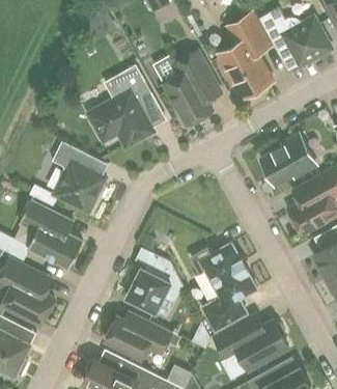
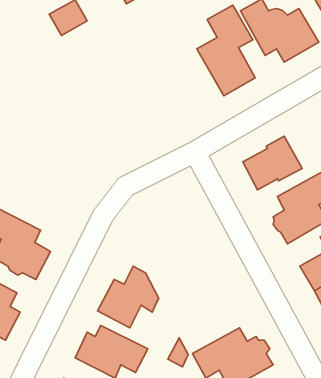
building: [164,51,221,124] -> none
building: [88,66,152,145] -> none
building: [52,141,106,213] -> none
building: [191,243,256,331] -> none

